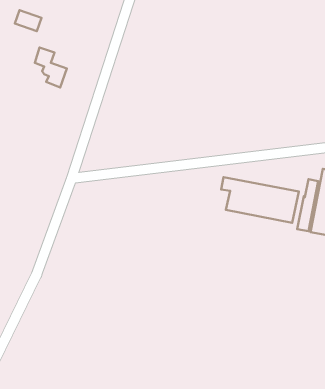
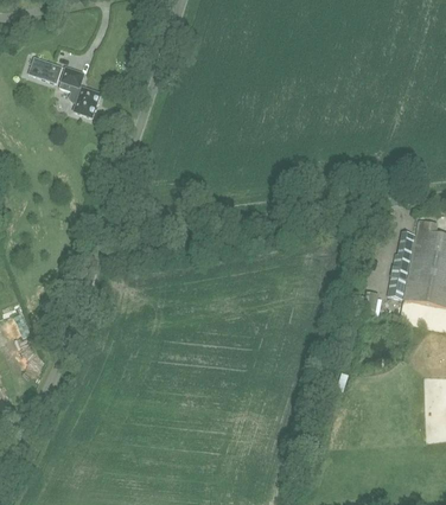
building: [15,10,41,31] -> [27,58,60,84]
building: [221,177,299,223] -> none

